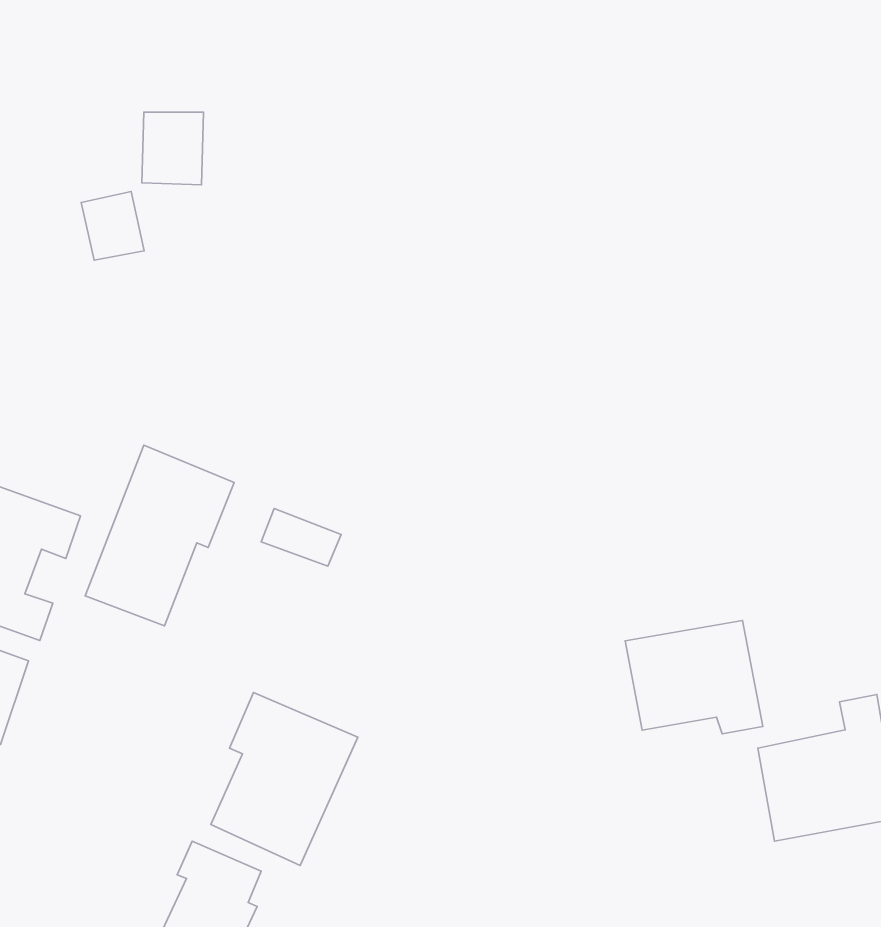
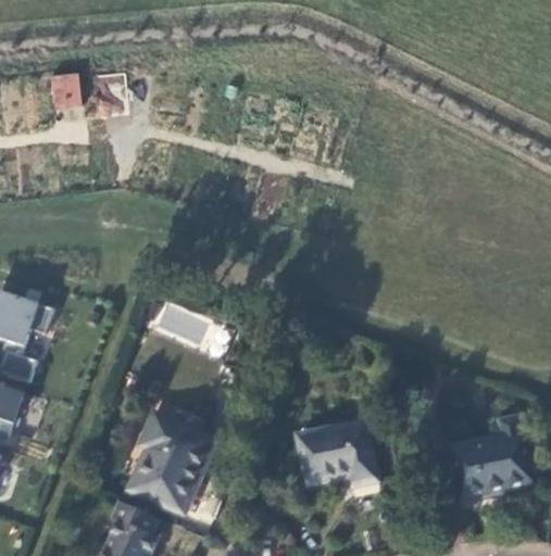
building: [81,191,144,260] -> [46,71,83,111]
building: [85,445,234,626] -> none
building: [625,620,763,734] -> [296,420,376,486]

